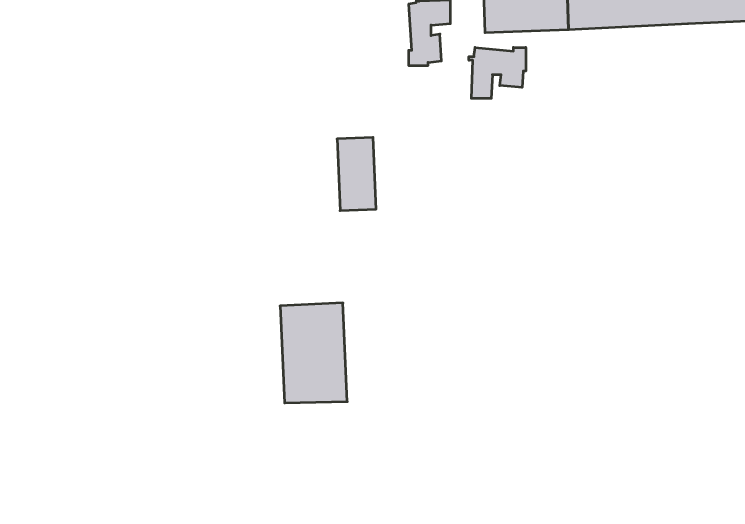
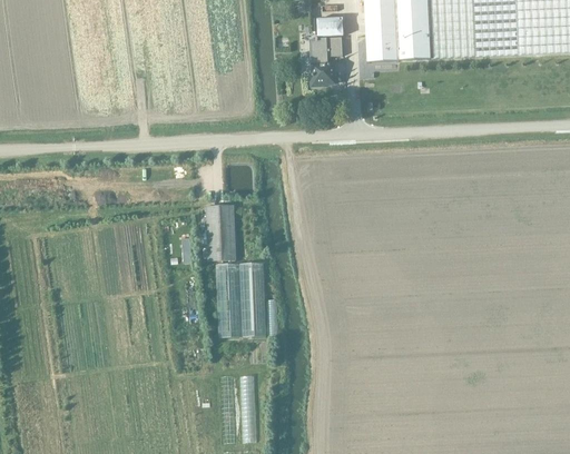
building: [469,47,526,98] -> none
building: [337,137,376,211] -> [206,204,235,258]

